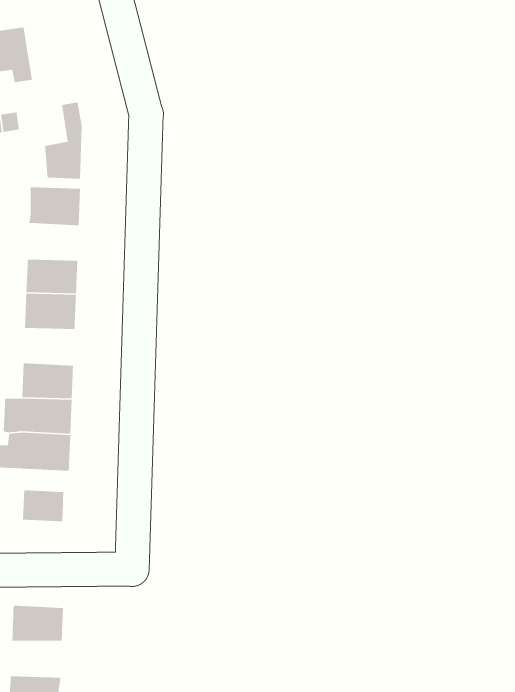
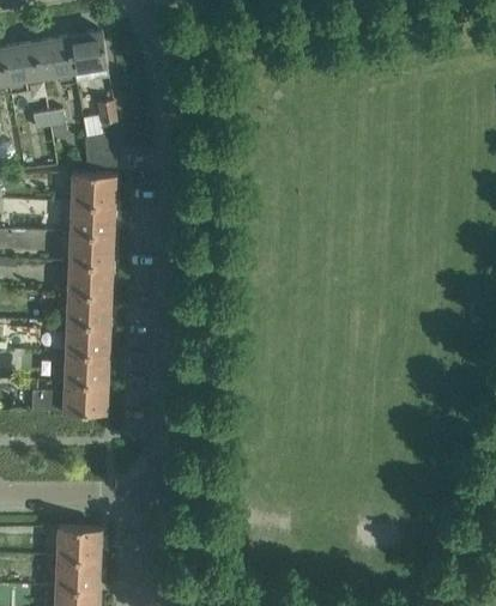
building: none -> [67,31,108,83]
building: none -> [69,204,114,235]
building: none -> [66,292,110,323]
building: [22,490,64,522] -> none
building: none -> [55,557,99,587]

